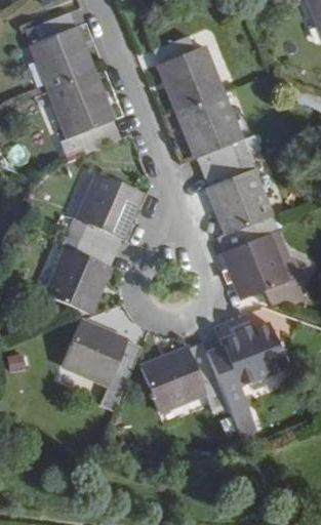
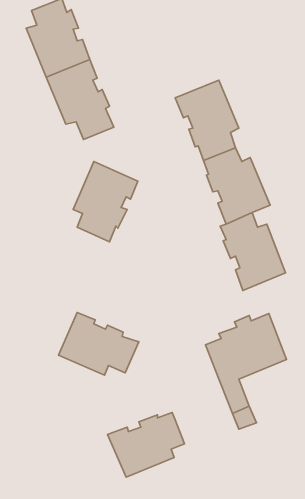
building: [157,35,220,110] -> none
building: [45,237,113,313] -> none
building: [141,346,216,409] -> [108,413,185,477]

